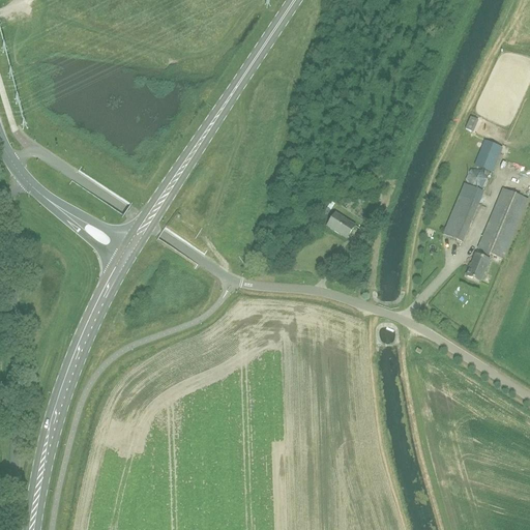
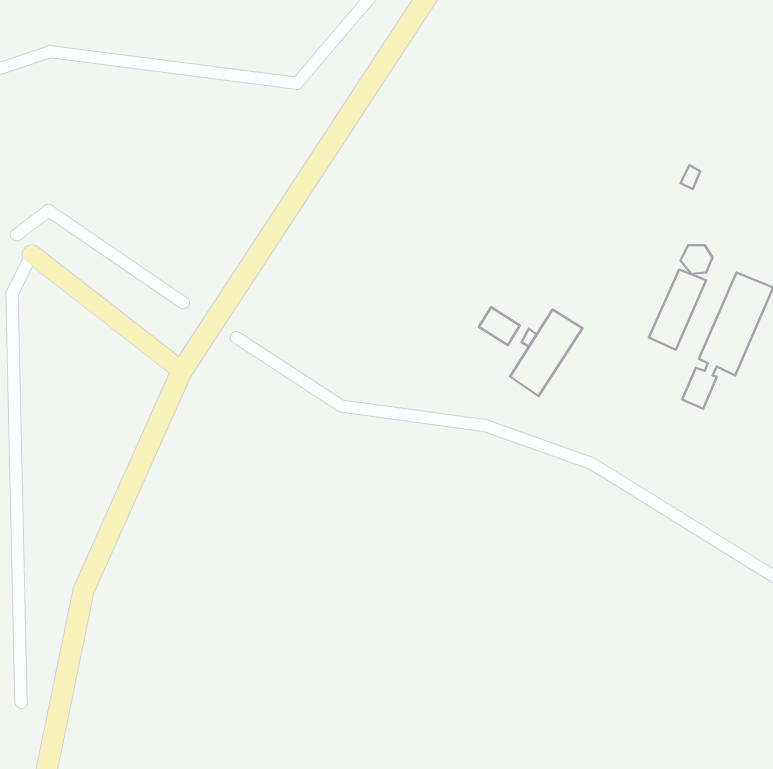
building: [476,141,503,170] -> none
building: none -> [510,309,582,396]

